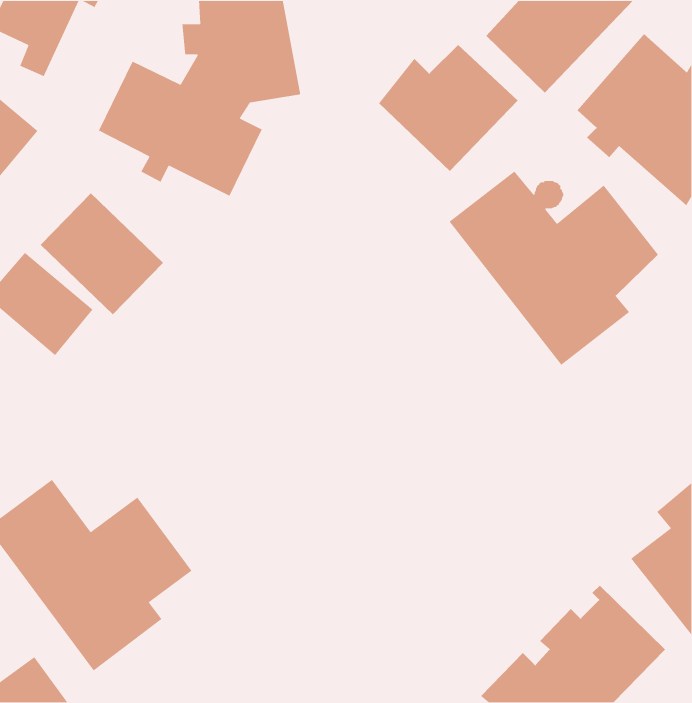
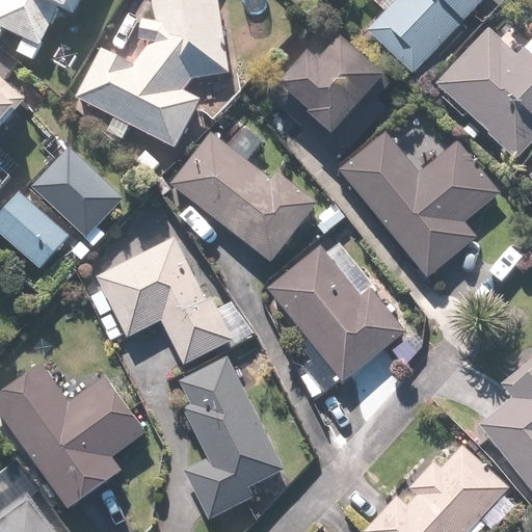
building: none -> [169,124,321,264]
building: none -> [96,233,251,364]
building: none -> [265,244,404,381]
building: none -> [180,355,287,517]

